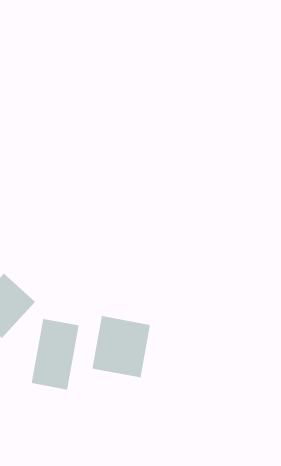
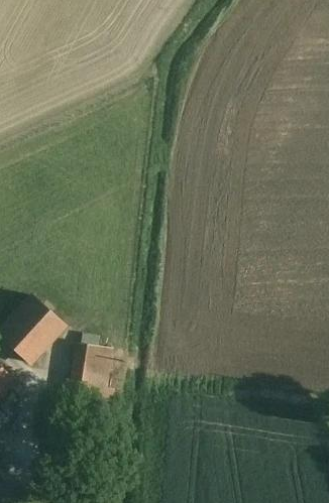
building: [92,315,151,378] -> none

